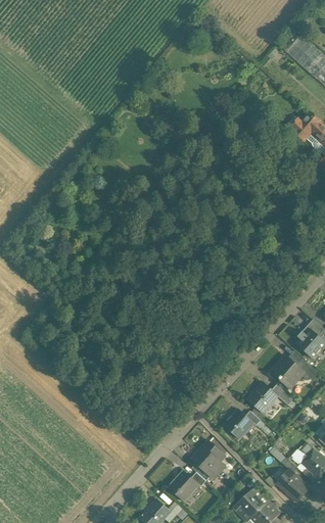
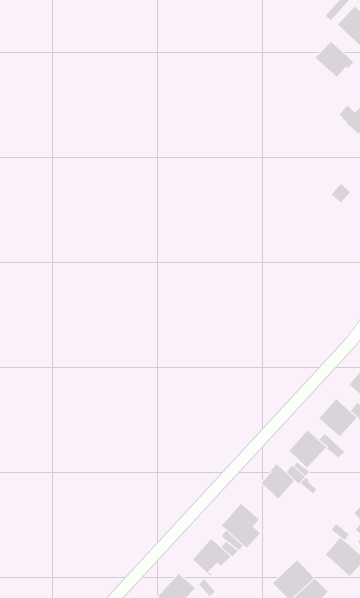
building: none -> [315,41,354,78]

